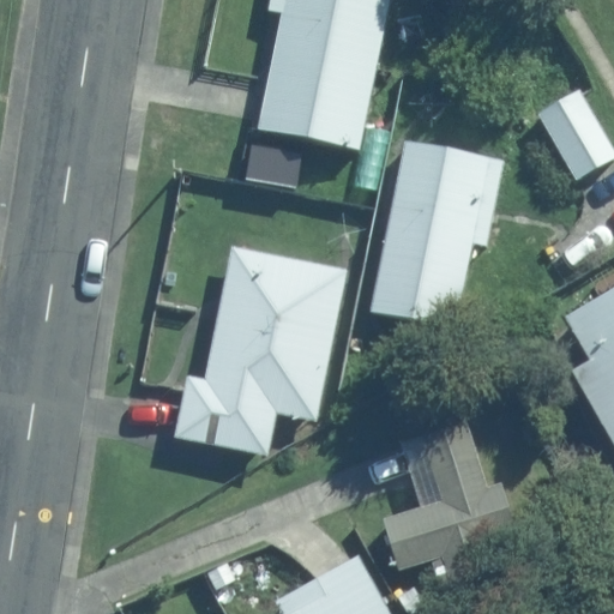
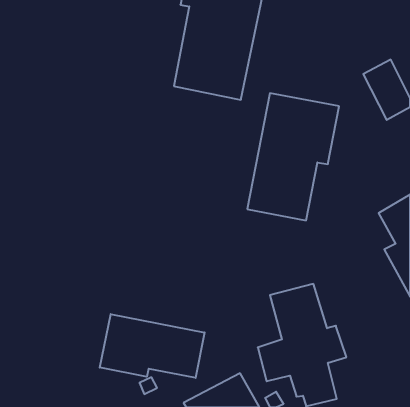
building: [171,245,347,456] -> none
building: none -> [100,314,205,378]

